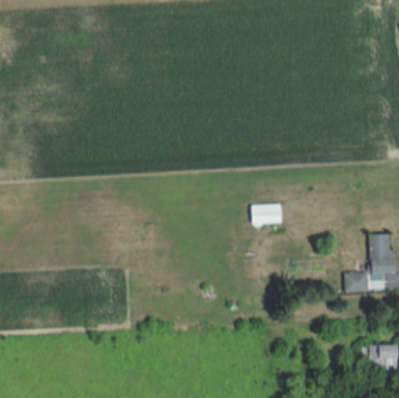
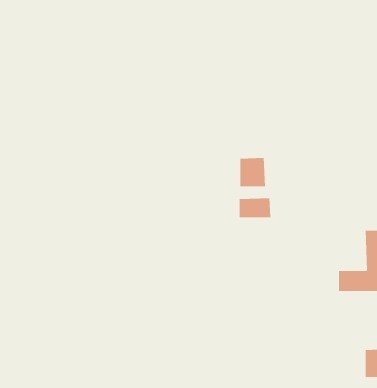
building: none -> [240,157,265,187]

